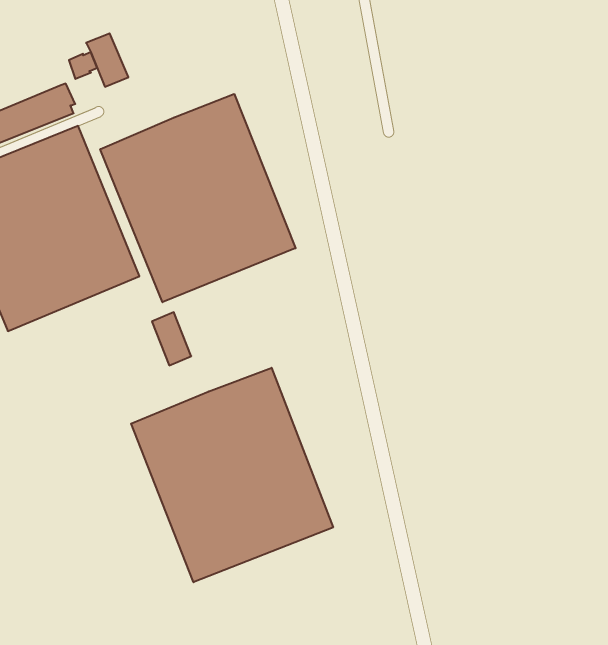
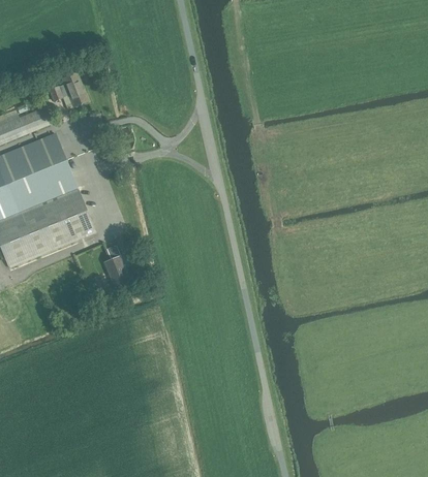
building: [100,94,296,302] -> none
building: [131,368,333,582] -> none

